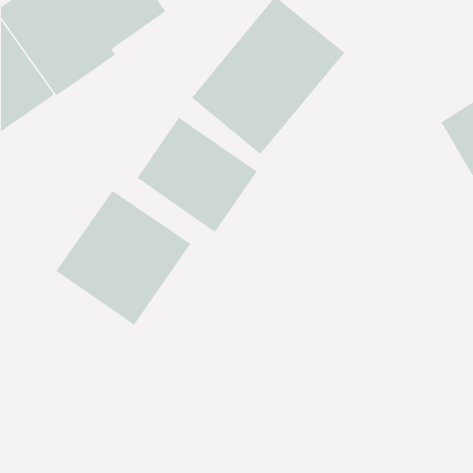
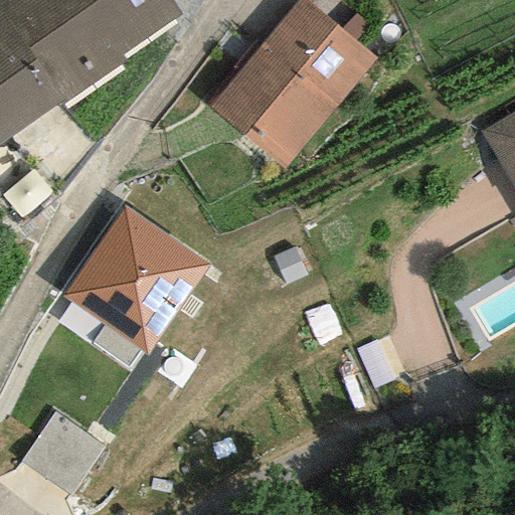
building: [137,117,258,233] -> none
building: none -> [22,416,104,497]

